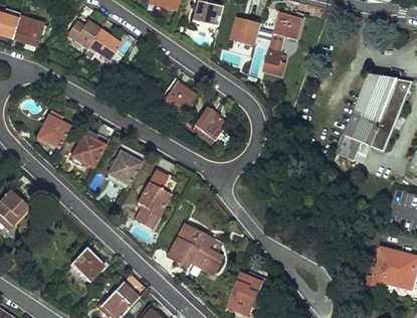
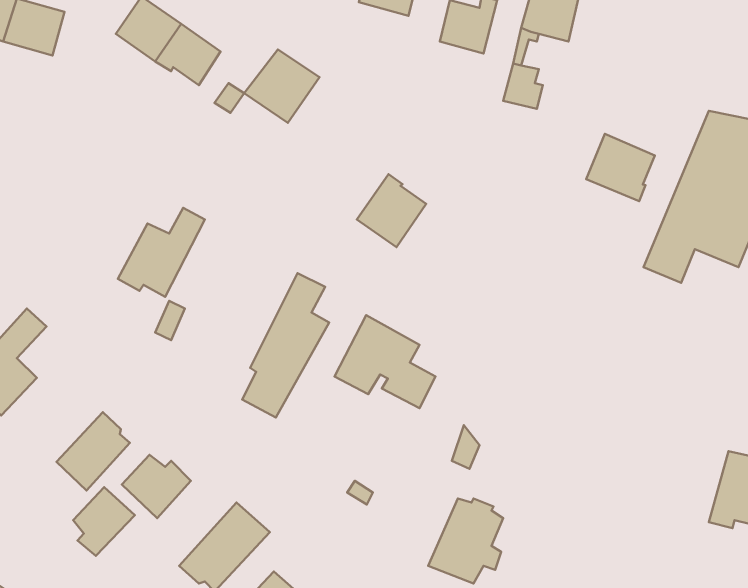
building: [158,81,196,118] -> [244,50,319,123]
building: none -> [586,134,655,201]
building: [36,103,78,147] -> none
building: [107,142,148,185] -> none
building: [169,224,220,272] -> [335,315,435,408]
building: none -> [56,412,130,491]
building: none -> [73,487,135,556]

